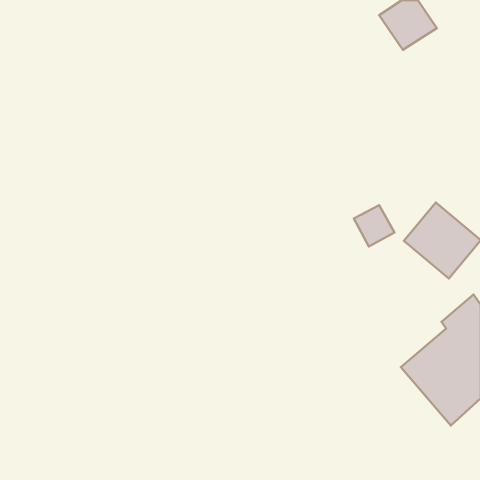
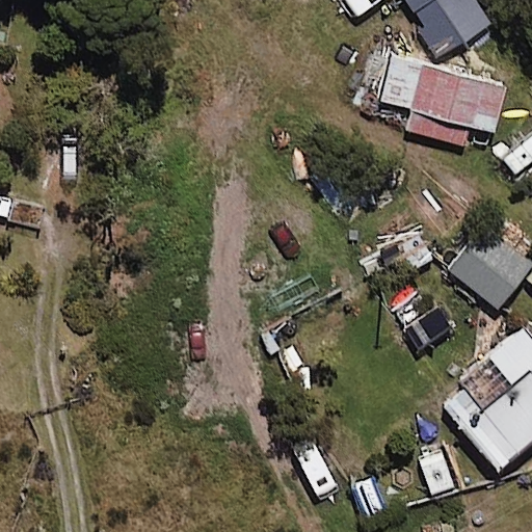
building: none -> [379,54,505,145]

